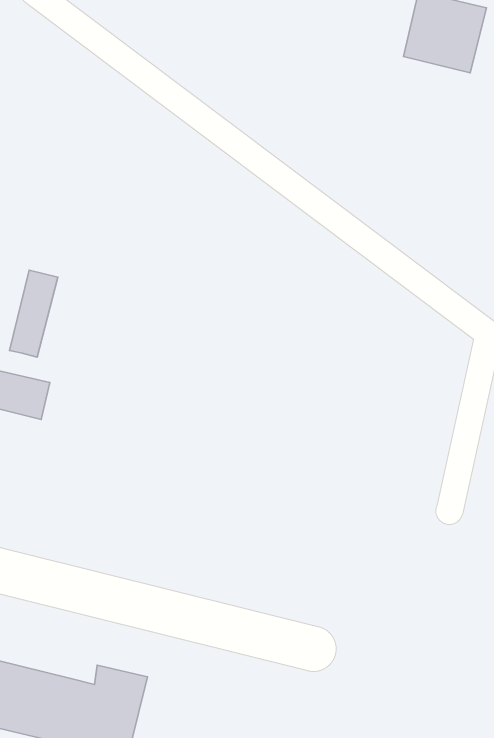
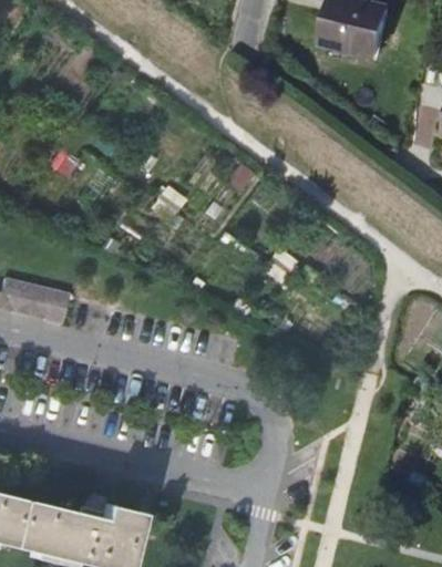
building: [9,270,58,357] -> none

